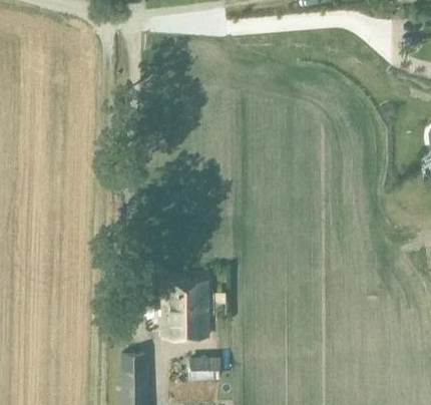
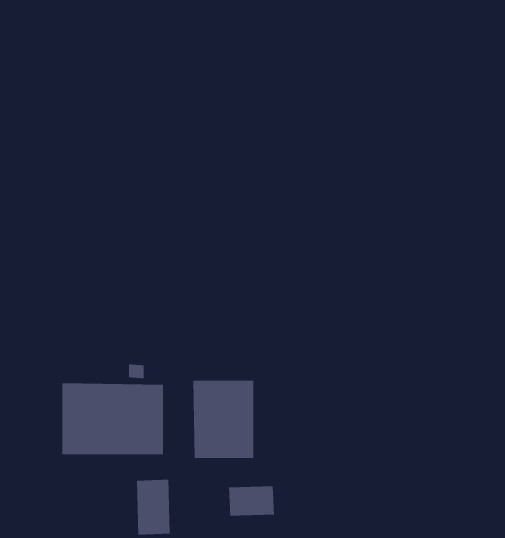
building: none -> [62,382,163,455]

